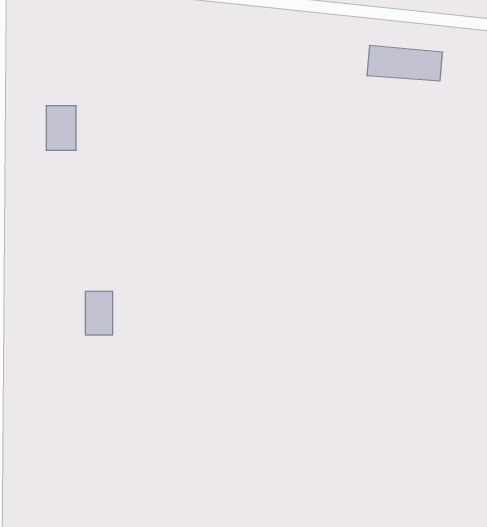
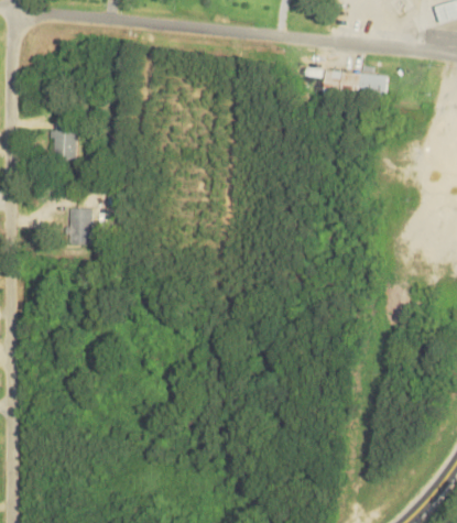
building: [85,292,113,335] -> [69,207,93,243]

